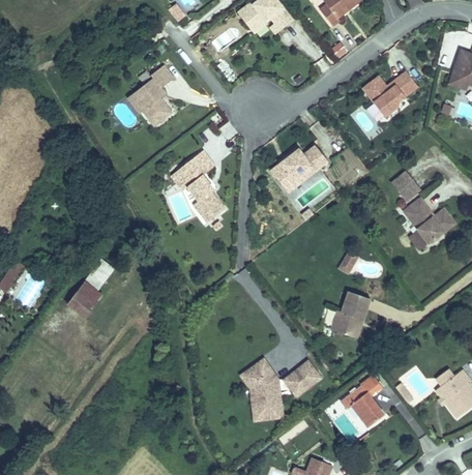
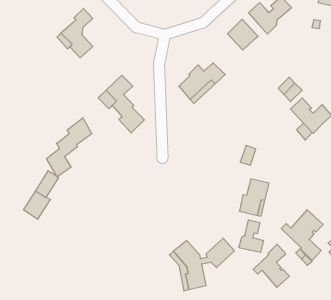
building: none -> [227,19,258,50]
building: none -> [47,118,92,177]
building: none -> [281,210,323,261]
building: none -> [239,220,263,252]

